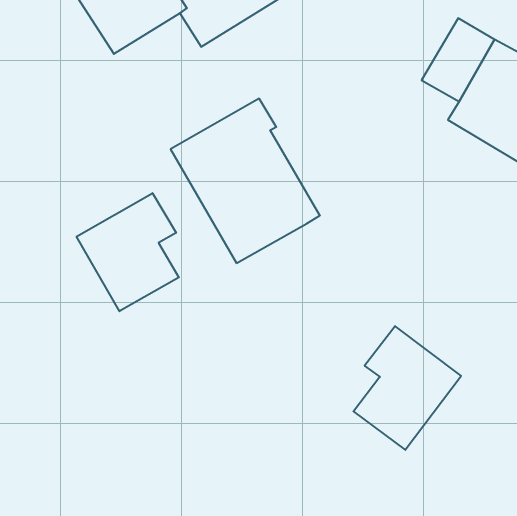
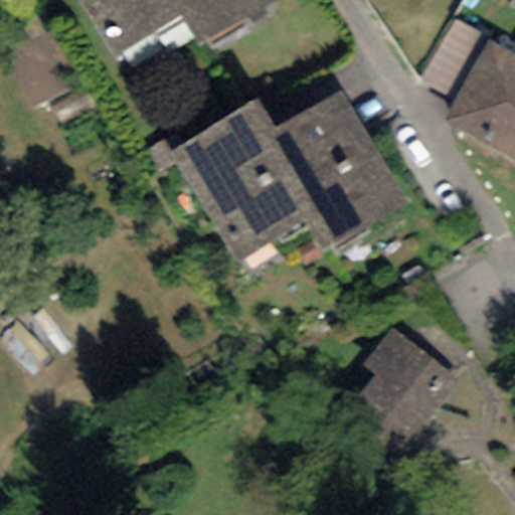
building: none -> [270,88,409,251]
building: [77,193,179,311] -> none

